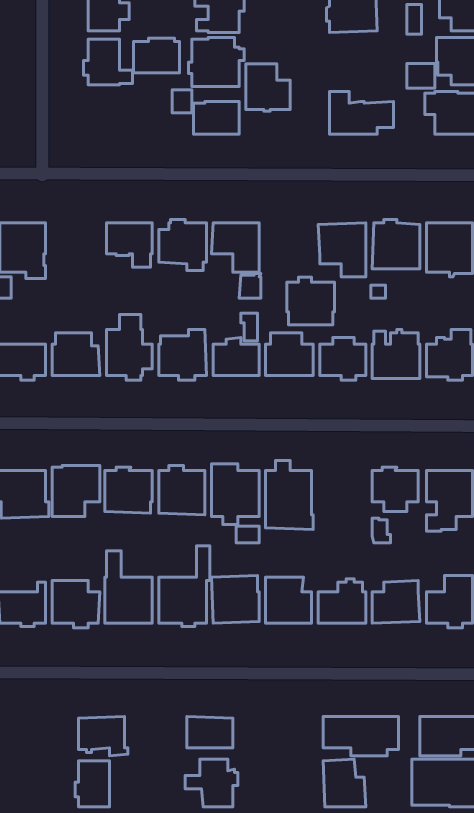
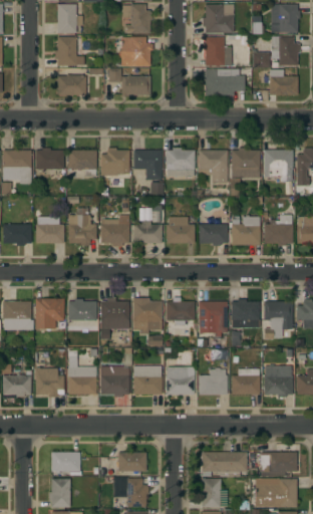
building: [134,38,180,73] -> [57,74,85,95]
building: [246,64,290,111] -> [205,37,232,66]
building: none -> [35,148,63,180]
building: [287,277,335,325] -> [166,148,195,177]
building: none -> [198,301,227,336]

